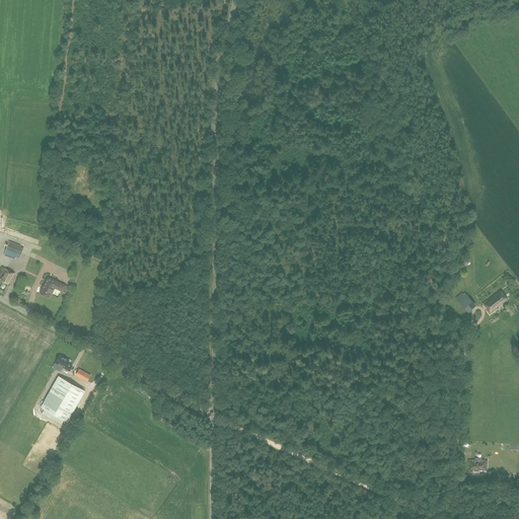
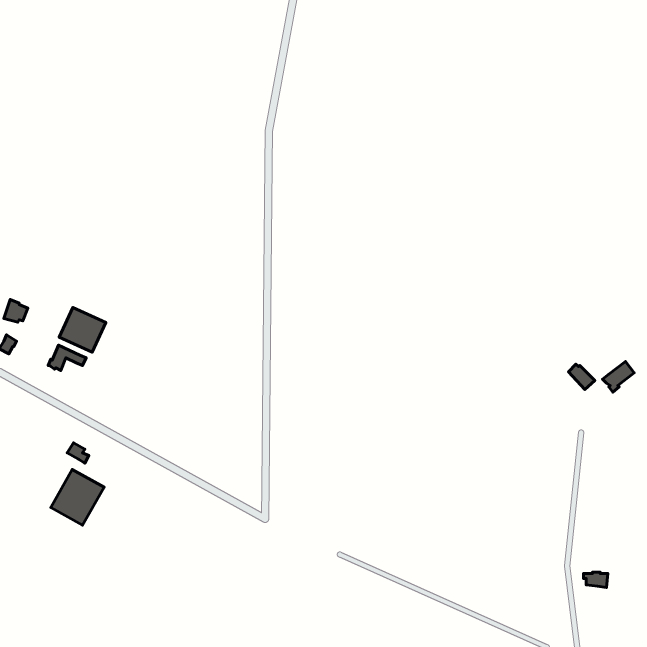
building: none -> [59,308,106,352]

